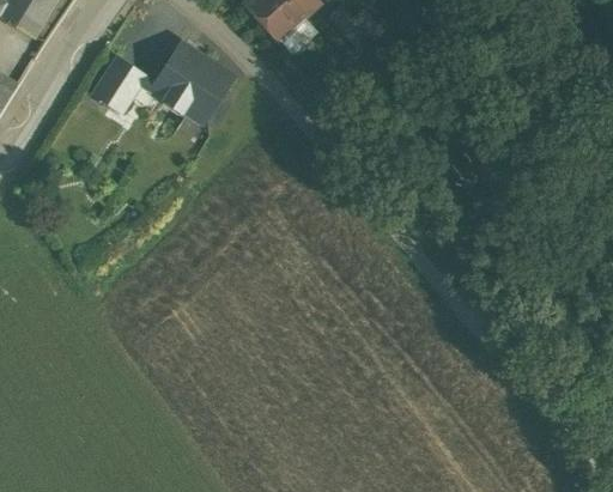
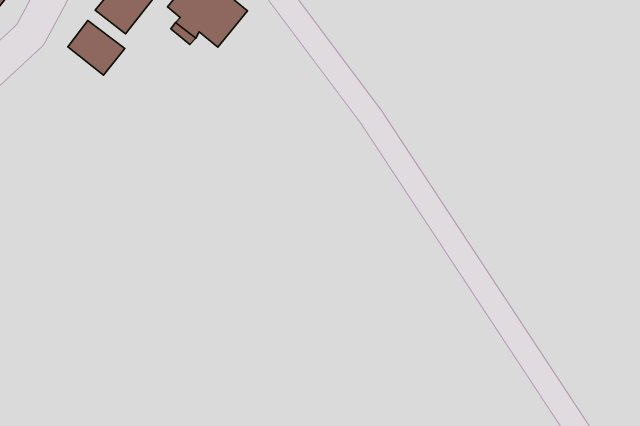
building: none -> [68,21,125,75]

